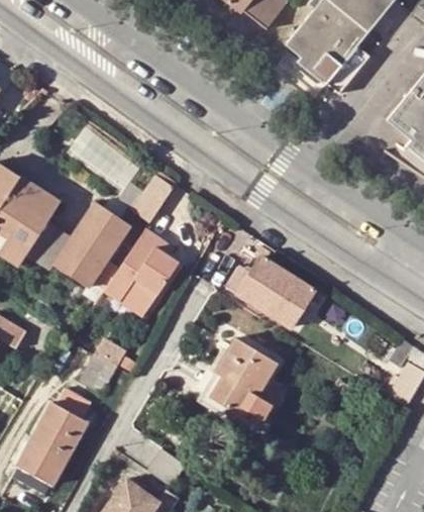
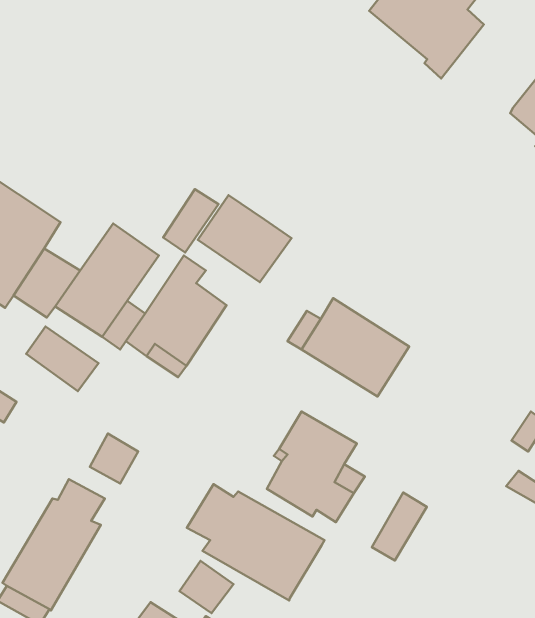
building: none -> [198,195,292,282]
building: none -> [26,326,98,391]
building: none -> [187,484,324,601]
building: none -> [372,492,427,560]

